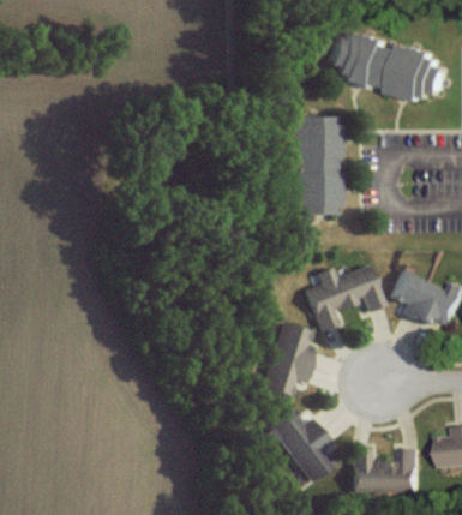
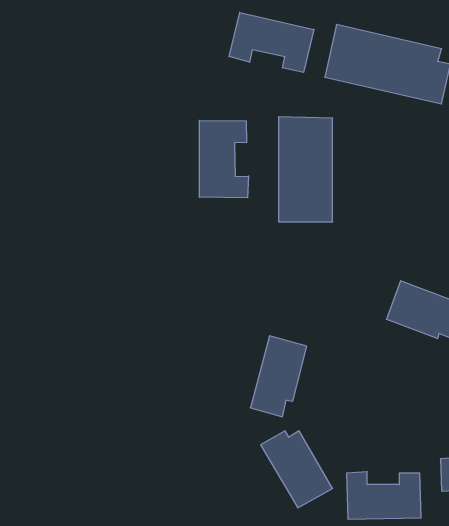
building: none -> [229,12,314,72]
building: none -> [199,120,249,198]
building: [306,265,385,333] -> none

